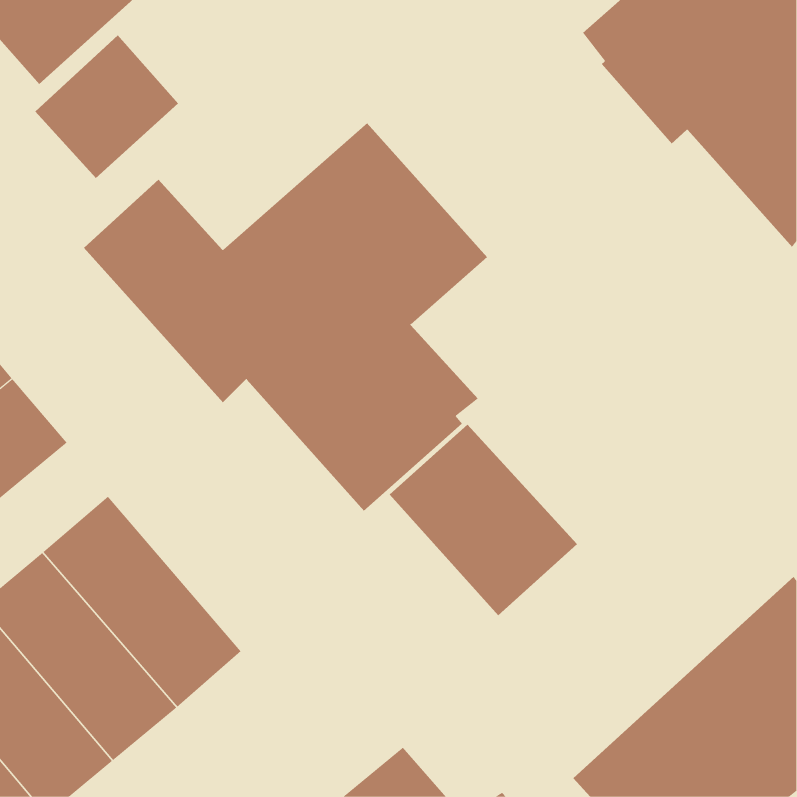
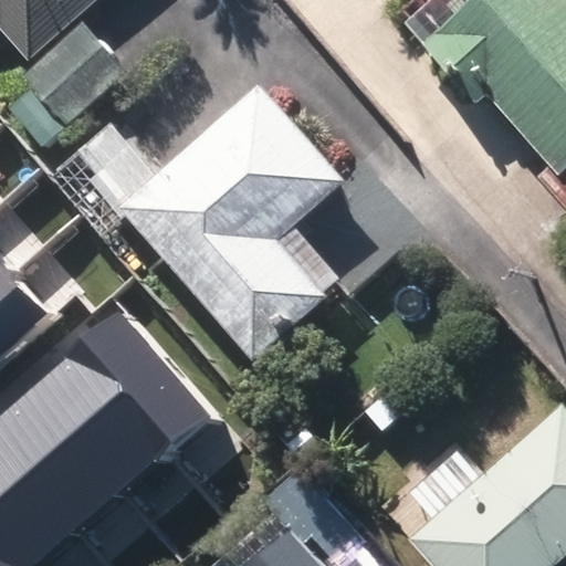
building: [389,424,578,616] -> none
building: none -> [76,306,221,459]

